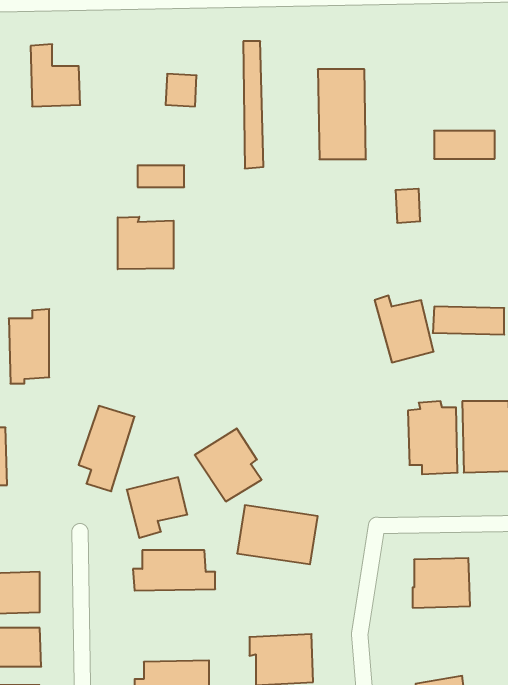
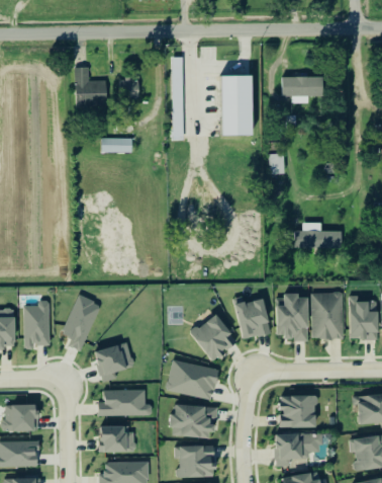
building: [31,44,80,106] -> [75,67,107,107]
building: [434,131,495,159] -> [281,78,320,96]
building: [118,217,174,269] -> none
building: [375,296,434,362] -> [233,296,272,339]
building: [9,309,49,384] -> [23,300,50,348]
building: [195,428,262,501] -> [191,313,234,360]
building: none -> [172,405,217,437]
building: none -> [100,425,134,452]
building: none -> [276,433,321,466]

